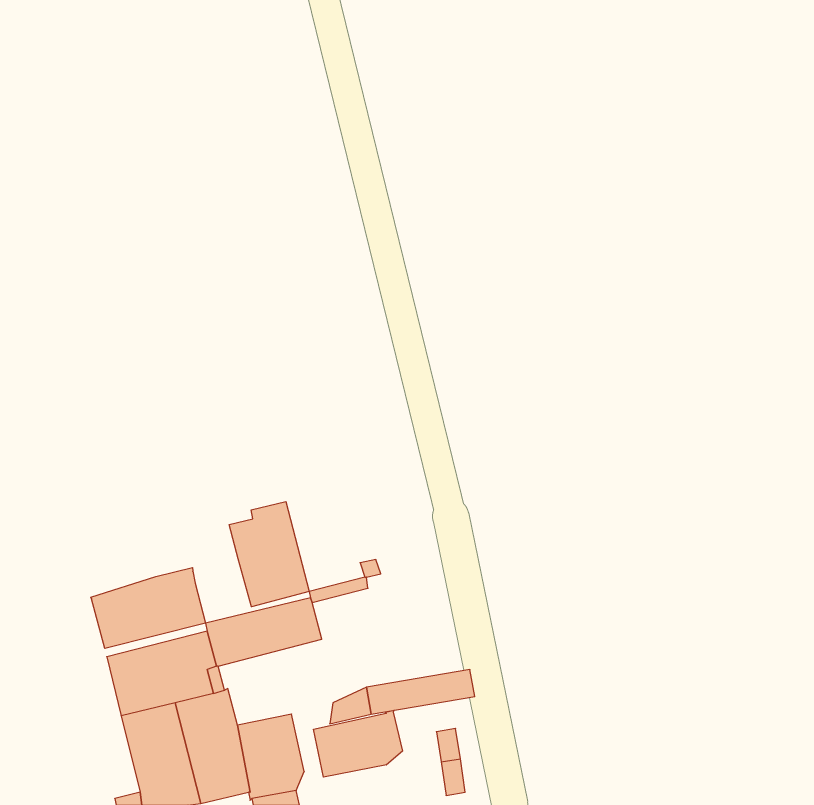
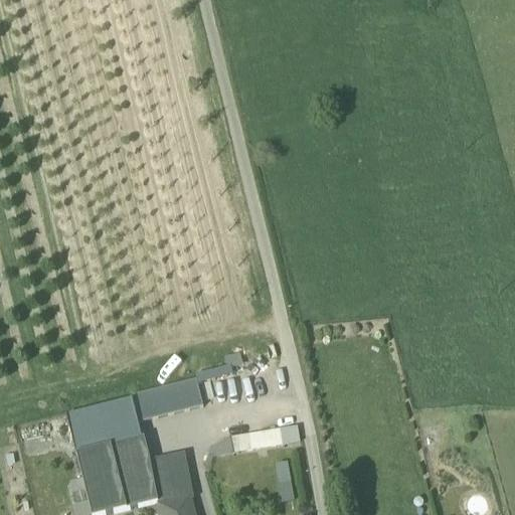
building: [229,502,309,607] -> none
building: [91,568,205,648] -> none
building: [314,710,403,777] -> none

